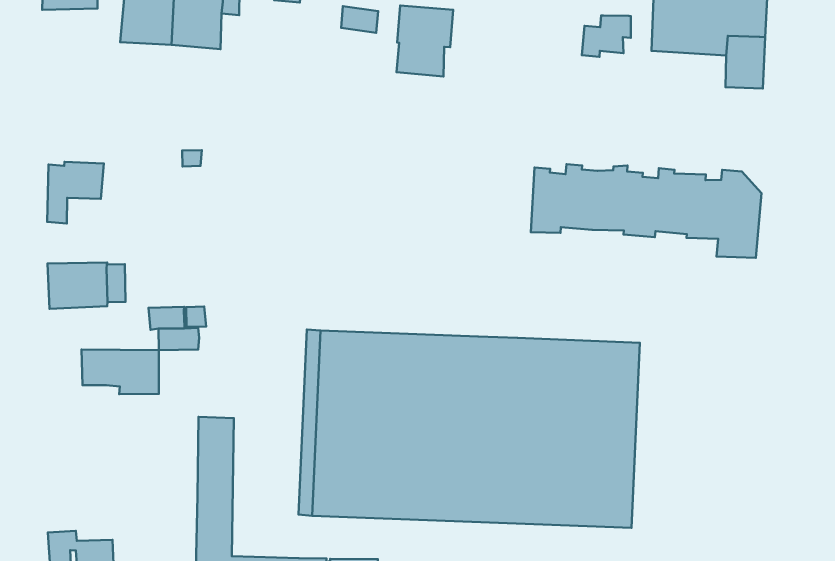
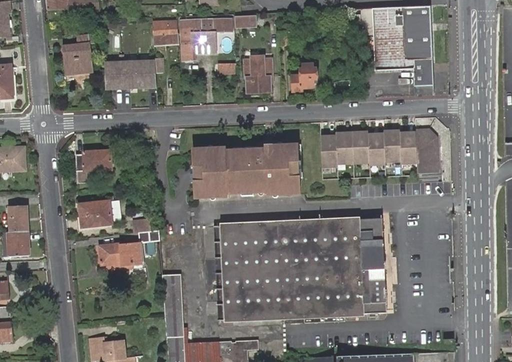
building: [582,15,631,57] -> [292,67,316,89]
building: none -> [193,144,300,198]

